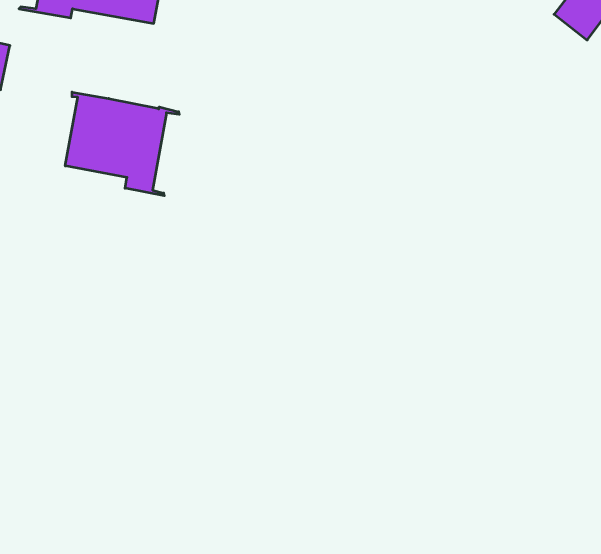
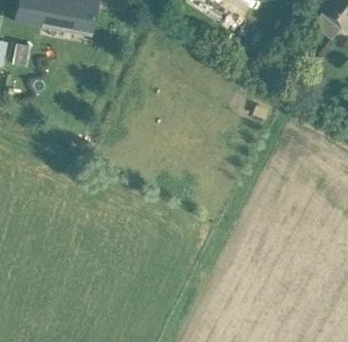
building: [65,92,179,196] -> none

